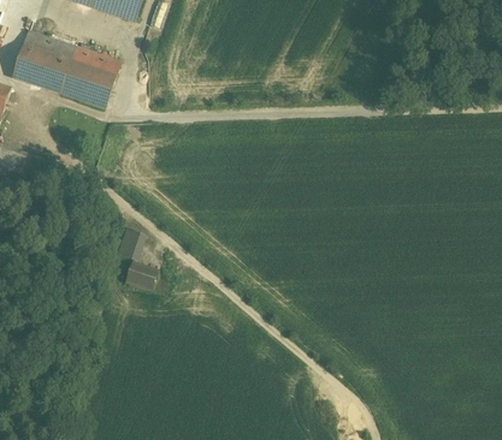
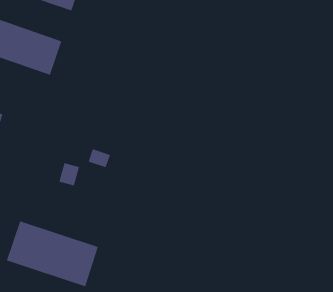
building: [125,262,156,289] -> [88,149,111,168]
building: none -> [6,221,99,287]

